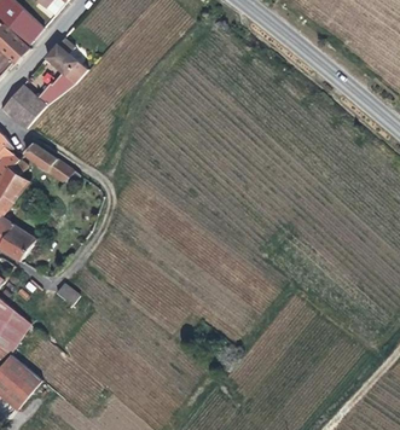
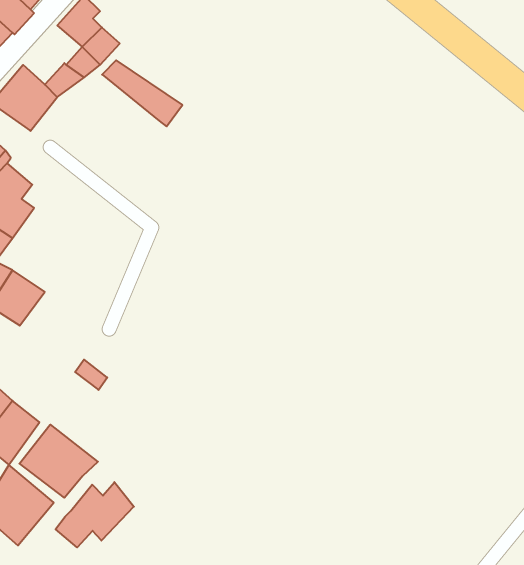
building: [23,143,77,187] -> [102,60,182,126]
building: none -> [19,425,98,498]
building: none -> [56,482,134,547]

